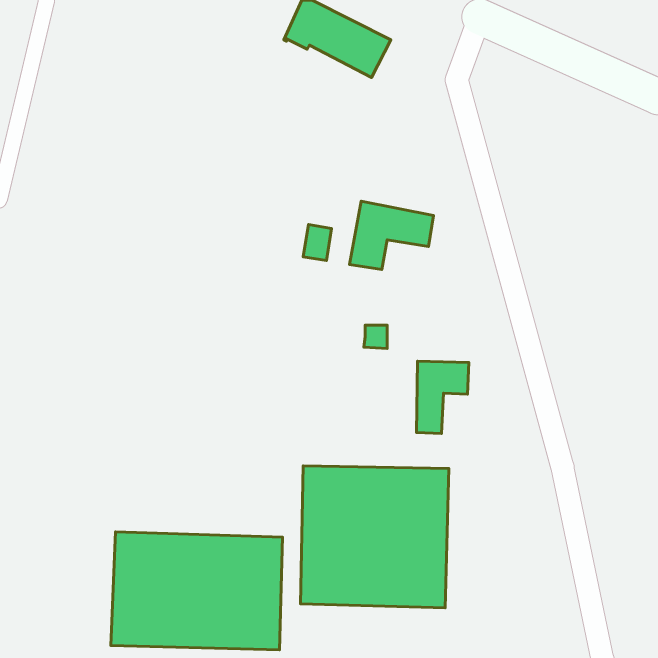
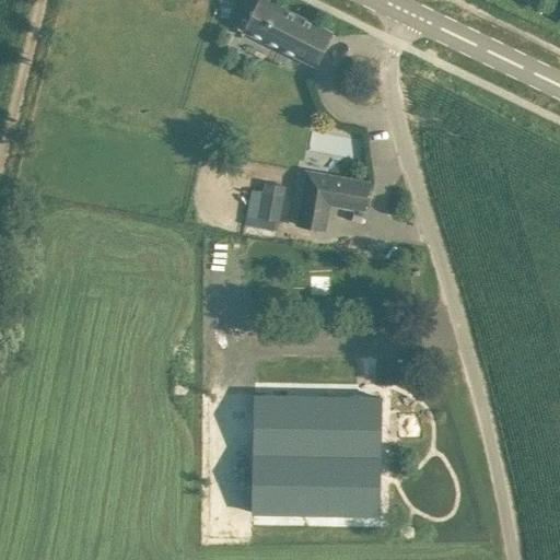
building: [416,361,469,434] -> none
building: [111,532,282,650] -> none

